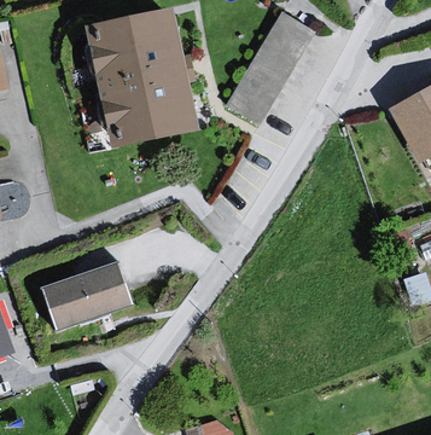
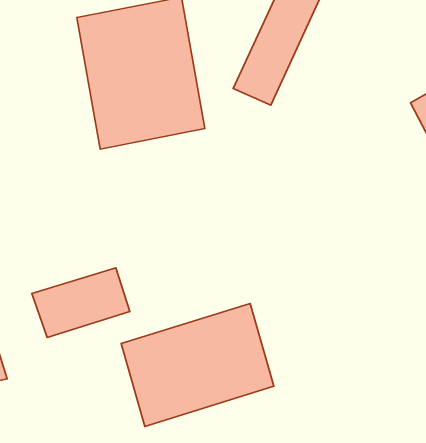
building: none -> [121,303,274,427]

